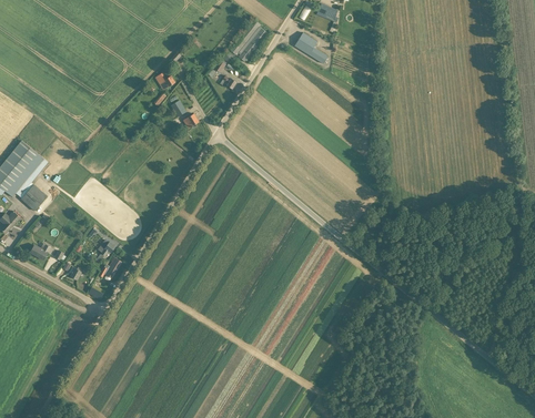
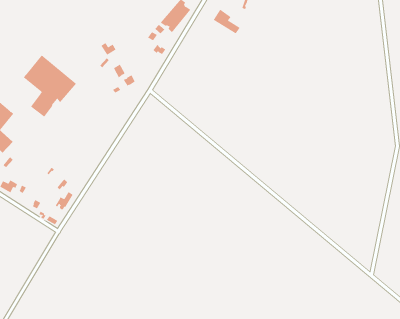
building: none -> [23,54,77,117]

